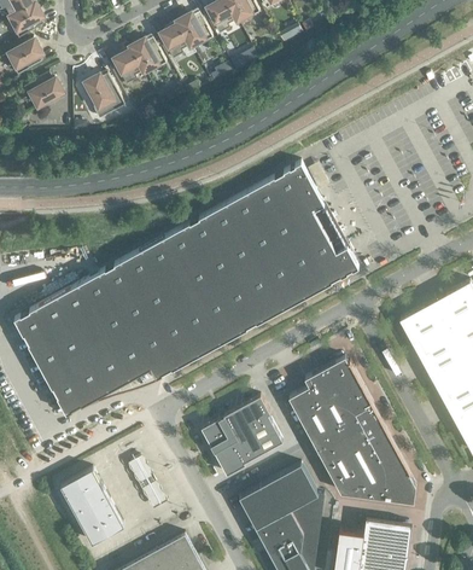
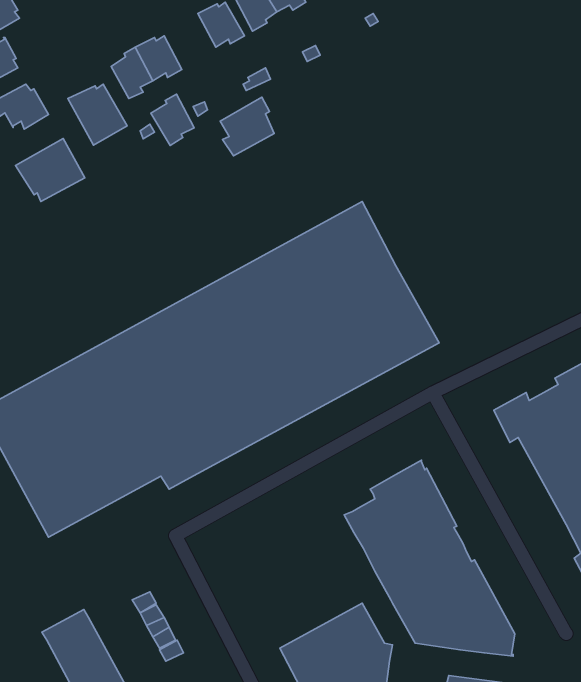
building: [158,22,191,60] -> [151,94,194,145]
building: none -> [220,97,274,156]
building: none -> [15,139,85,201]
building: [200,397,282,476] -> none

